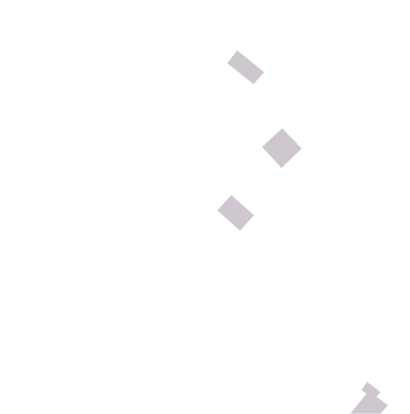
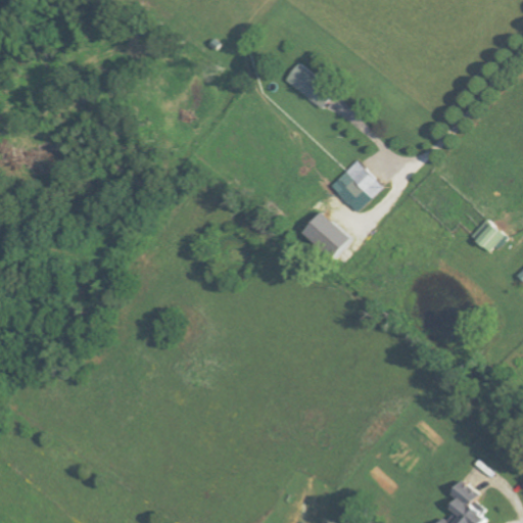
building: none -> [471,220,505,253]
building: [217,194,255,231] -> [301,212,349,259]

